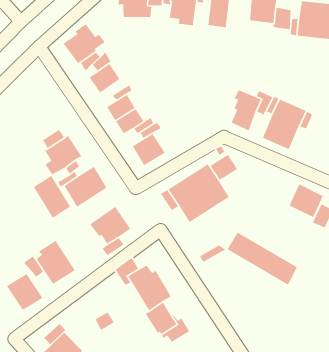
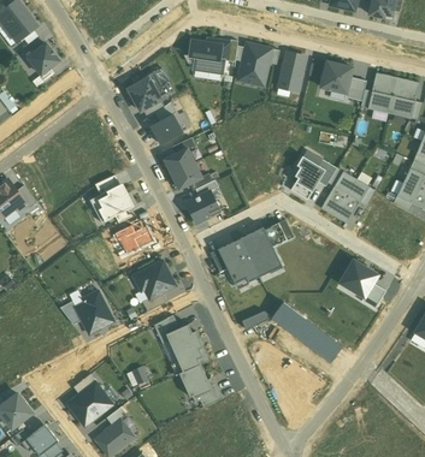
building: [33,175,71,219] -> none
building: [6,273,43,311] -> none

